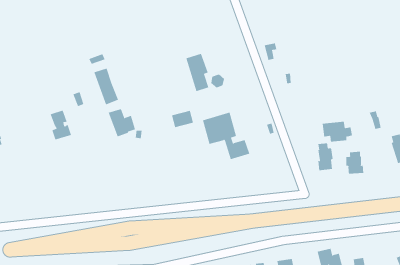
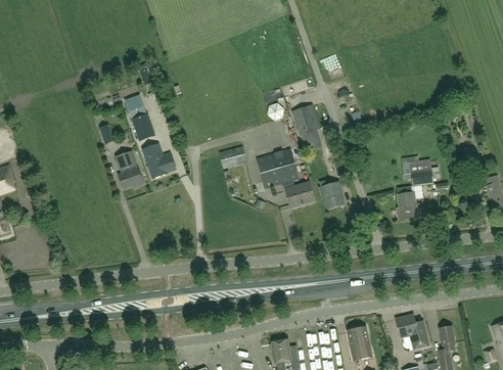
building: [186,53,209,92] -> [292,105,321,152]
building: [50,110,72,140] -> [116,151,142,188]
building: none -> [319,180,345,210]
building: [346,151,364,174] -> none

